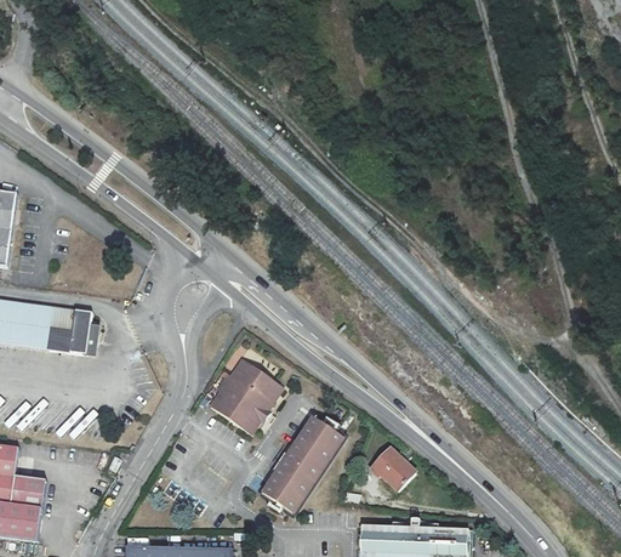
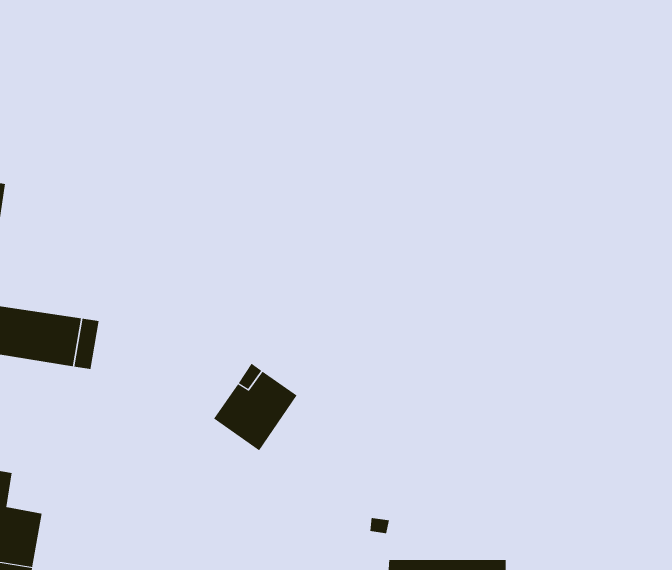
building: [261,414,342,511] -> none
building: [372,445,414,485] -> none

